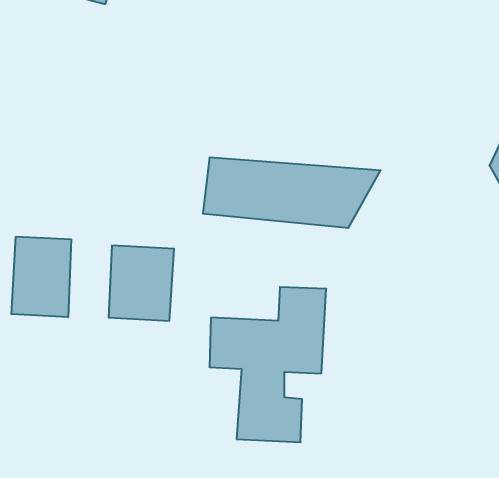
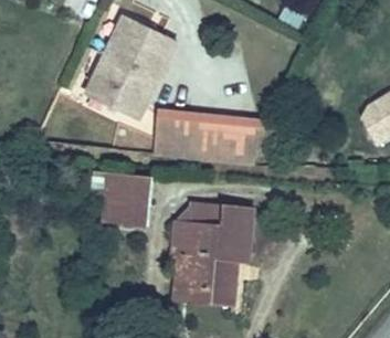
building: none -> [89,15,175,118]
building: [12,237,71,317] -> none

